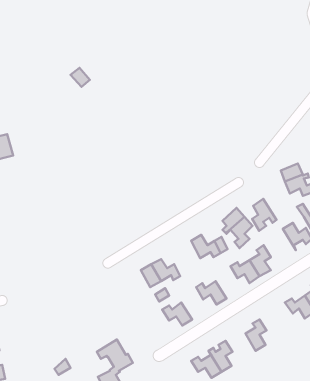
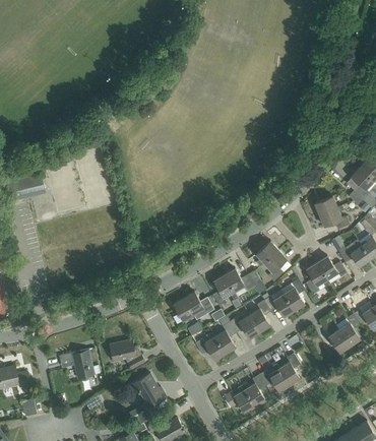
building: [252,199,276,231] -> [305,262,329,295]
building: none -> [211,274,237,306]
building: none -> [248,300,270,332]
building: none -> [213,316,236,354]
building: none -> [109,339,144,369]
building: none -> [58,350,100,379]
building: none -> [258,364,289,391]

